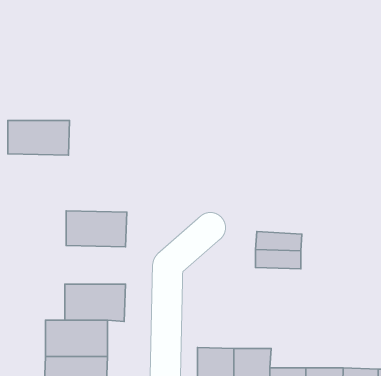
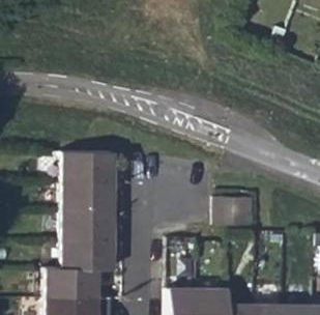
building: [8,120,70,155] -> [64,154,114,182]
building: none -> [63,209,112,240]

